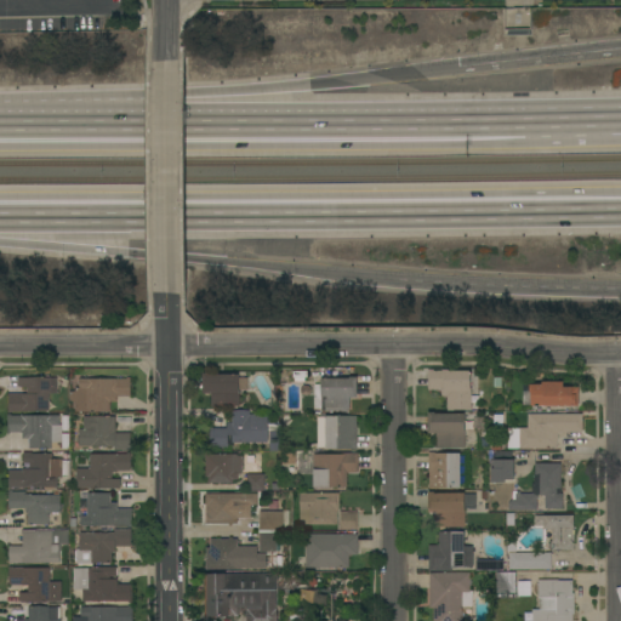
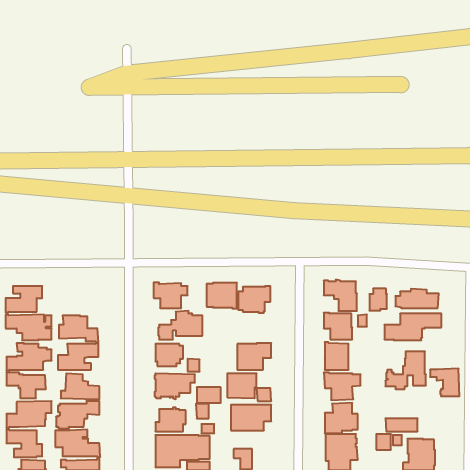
building: [69,377,130,411] -> none
building: [317,416,357,450] -> [207,283,237,309]
building: [490,452,513,482] -> [369,289,387,311]
building: [535,514,574,551] -> [430,369,459,396]

